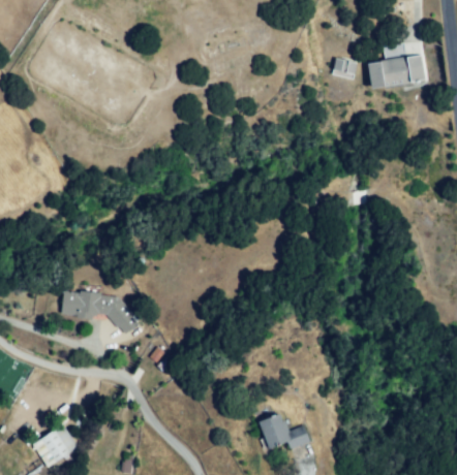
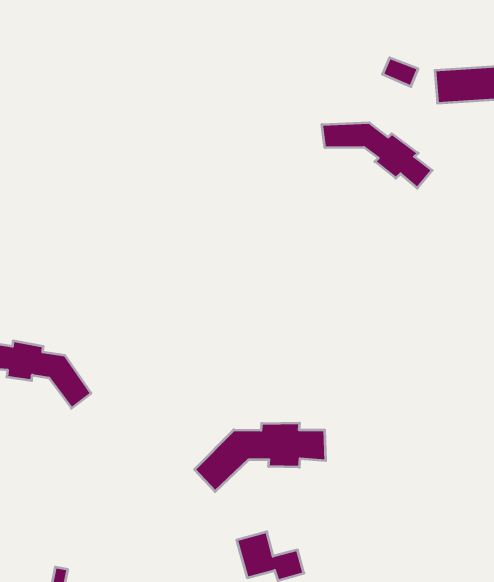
building: none -> [322,123,432,188]
building: none -> [195,423,326,492]

